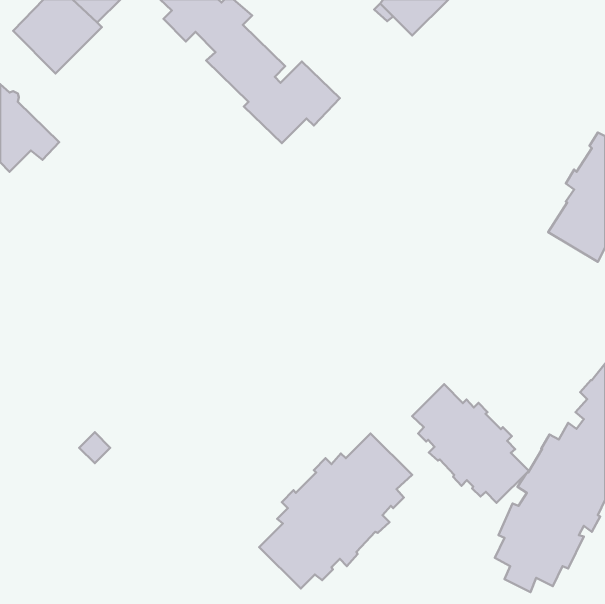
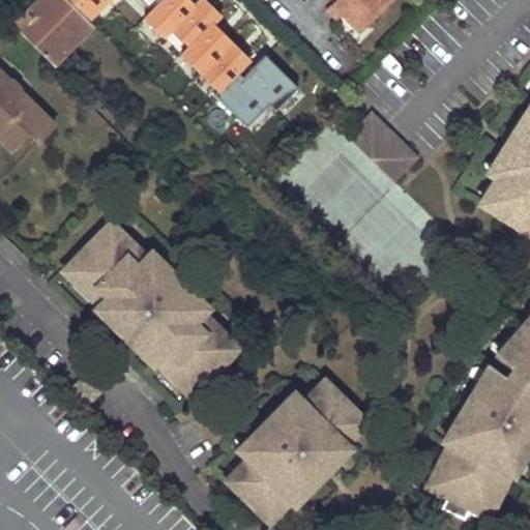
building: none -> [348,113,415,179]
building: none -> [62,222,238,395]
building: [412,384,529,503] -> none

